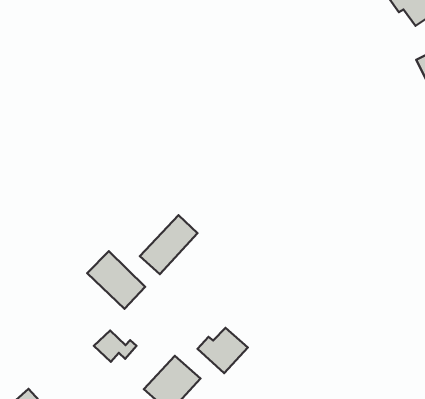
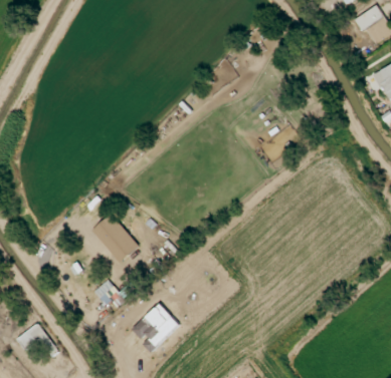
building: [140,215,197,274] -> none
building: [197,328,248,373] -> none

